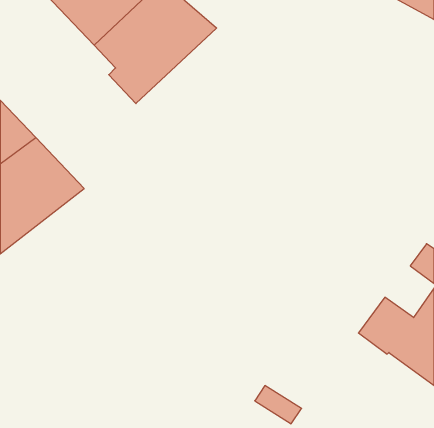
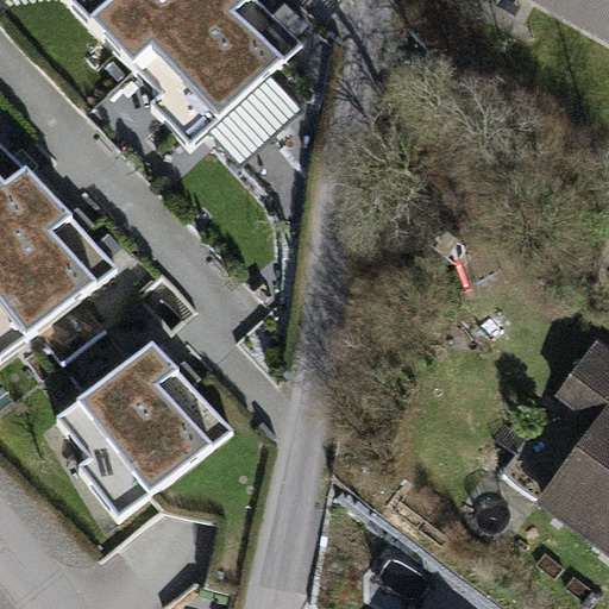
building: none -> [58,343,232,516]

